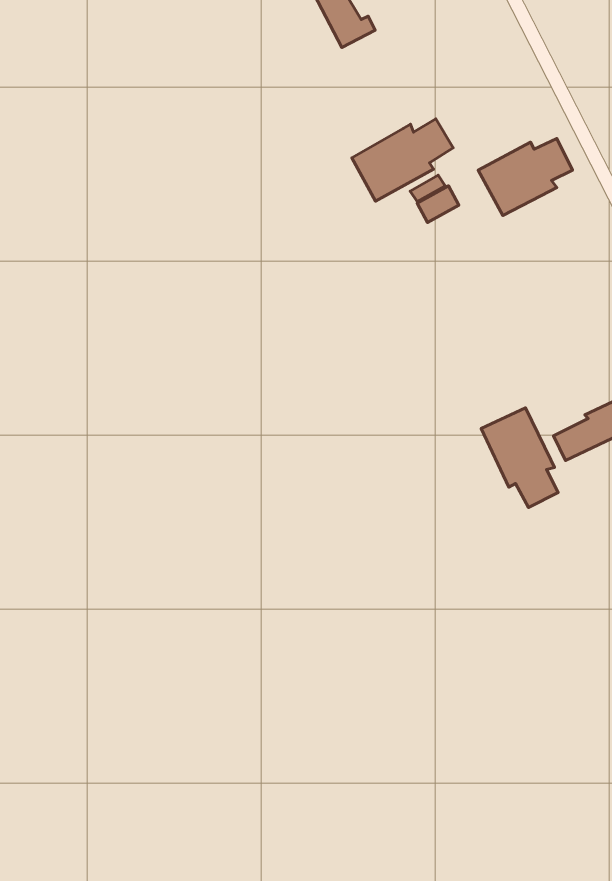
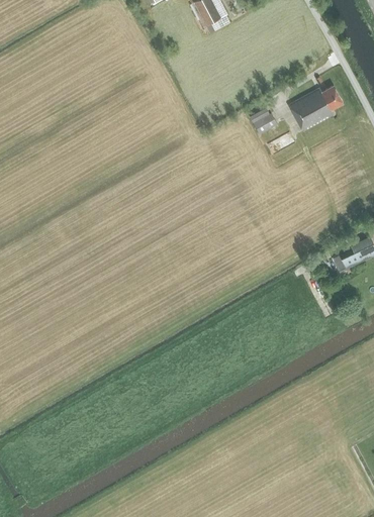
building: [352,119,453,201] -> none
building: [481,408,558,508] -> none

